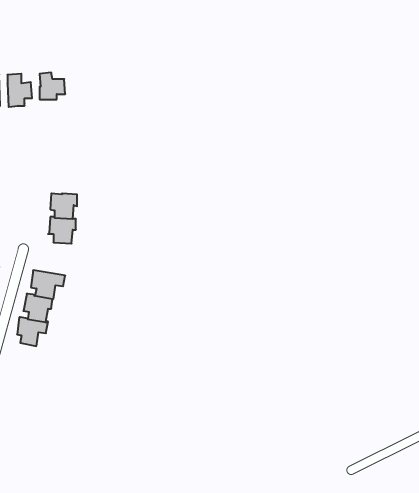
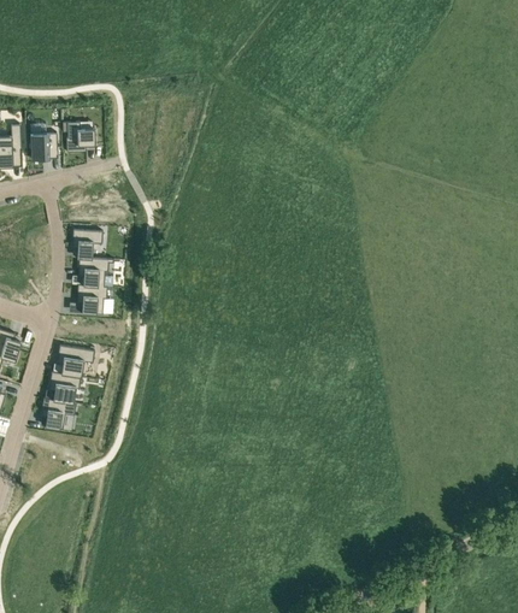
building: none -> [72,229,102,259]

